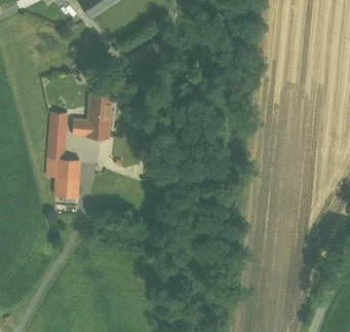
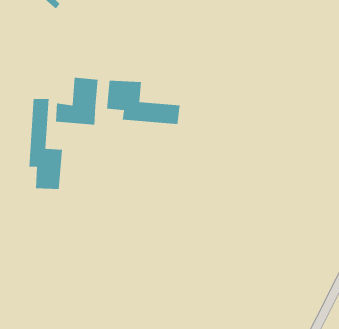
building: none -> [107,80,180,125]

